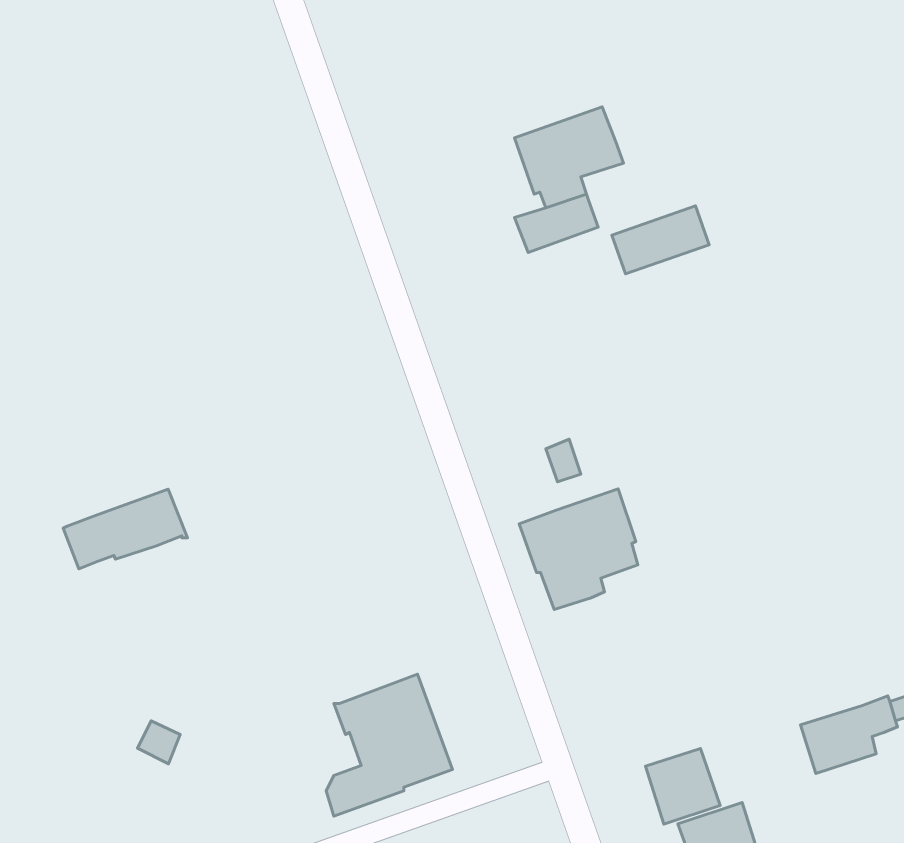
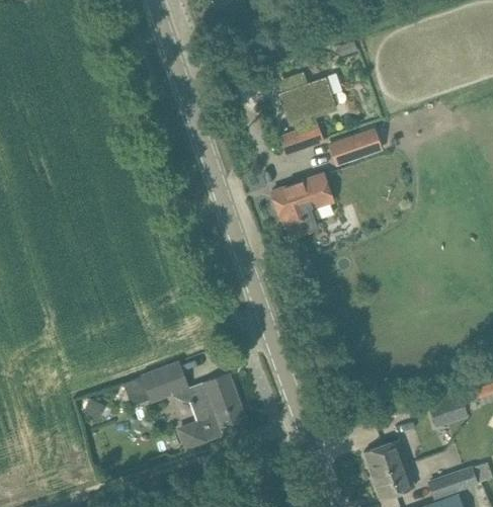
building: [519,489,638,609] -> [270,175,332,238]
building: [63,489,188,569] -> [122,364,187,406]
building: [646,749,720,824] -> none

